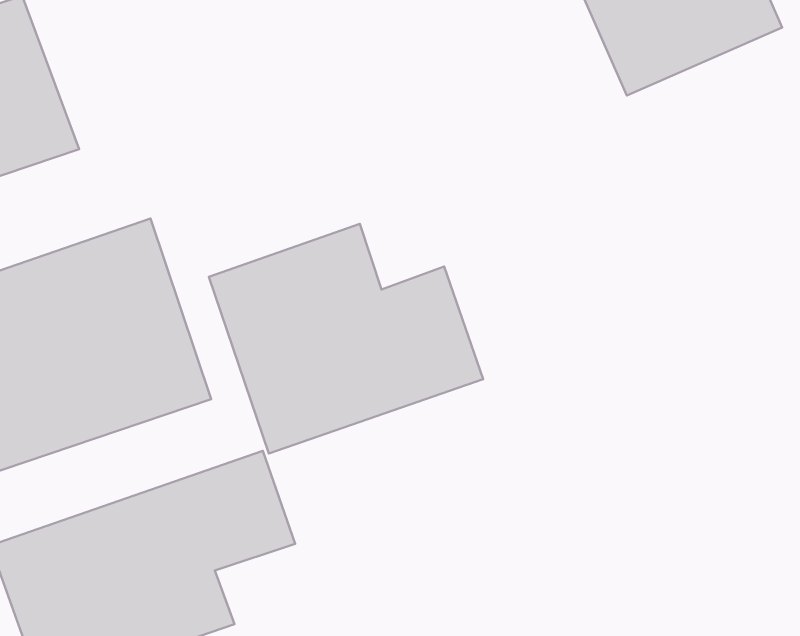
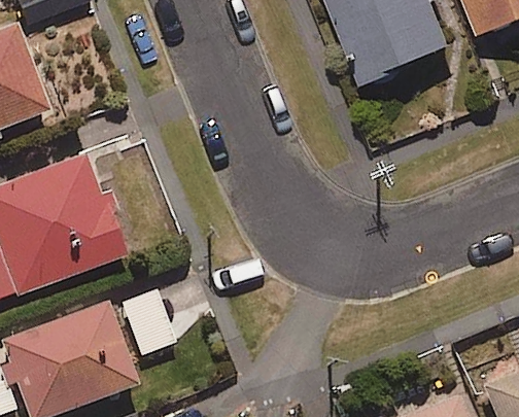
building: [209,224,483,453] -> none

